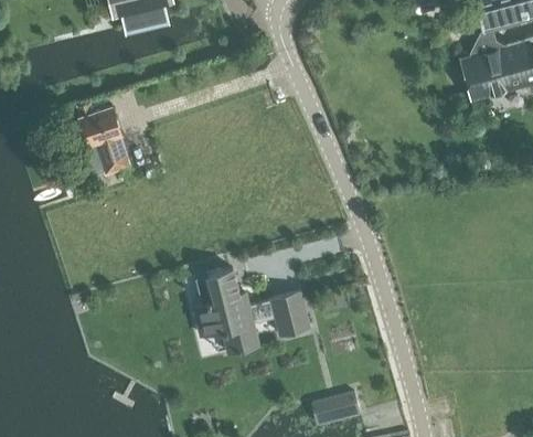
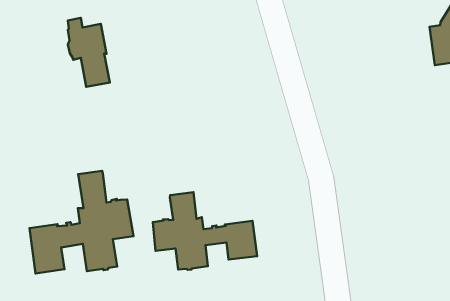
building: none -> [29,171,133,274]

